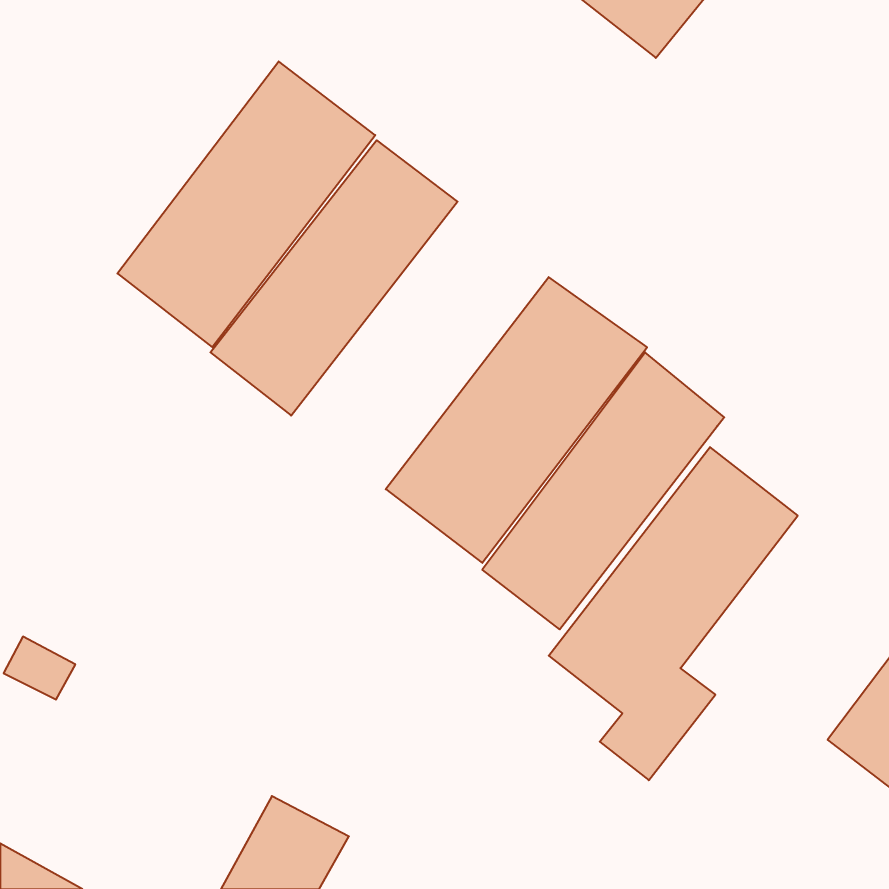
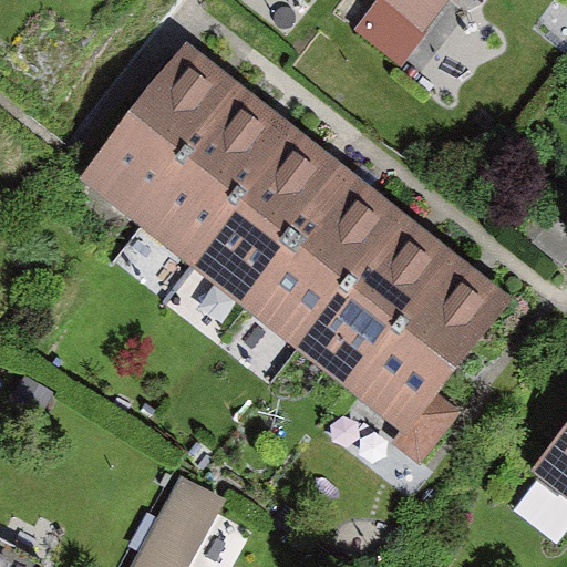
building: none -> [192,130,351,308]

